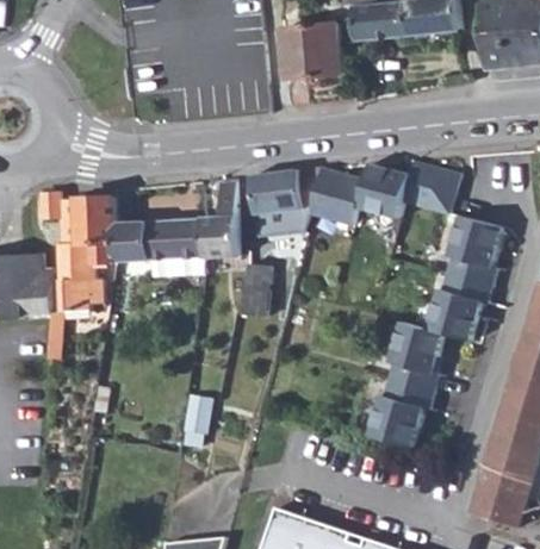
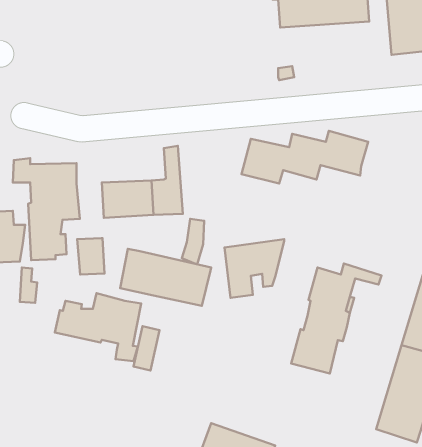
building: [278,23,340,82] -> none
building: [250,168,321,237] -> [225,239,284,298]
building: [430,216,502,331] -> none
building: [116,222,148,264] -> [77,238,104,275]
building: none -> [120,249,211,306]
building: none -> [55,293,141,361]

